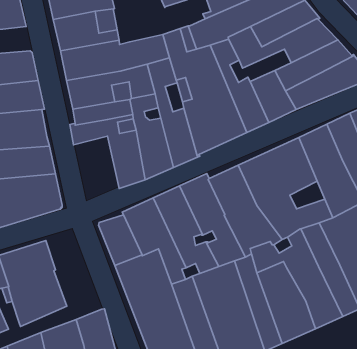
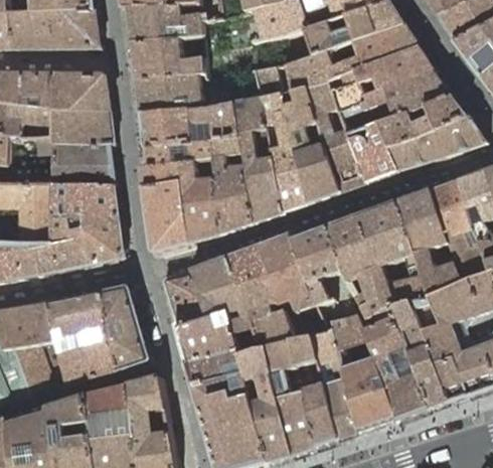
building: none -> [142,180,189,251]
building: none -> [101,286,148,368]

